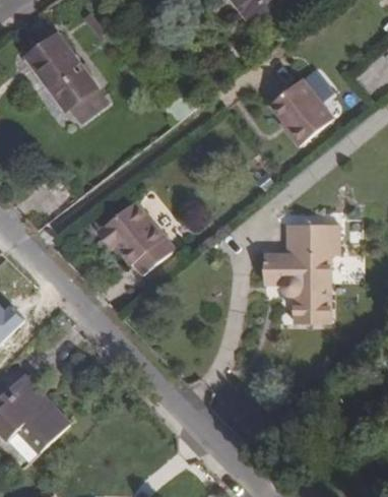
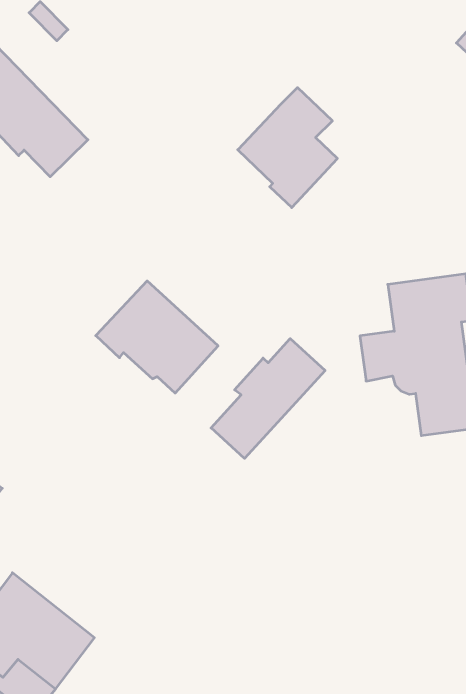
building: [269,68,332,144] -> [238,88,337,208]
building: none -> [211,339,325,458]

